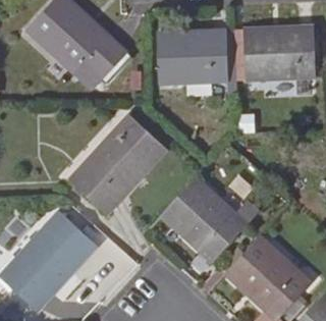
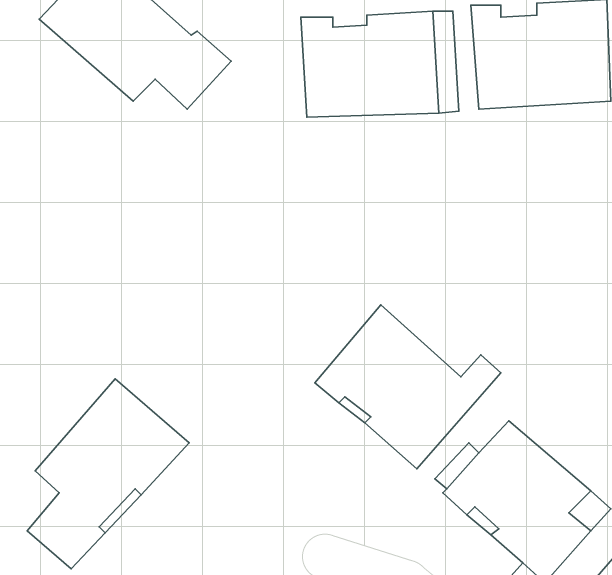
building: [85,118,166,214] -> none

